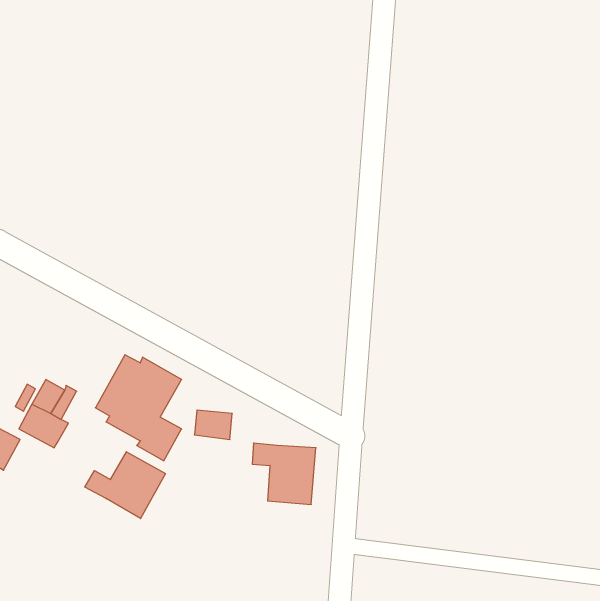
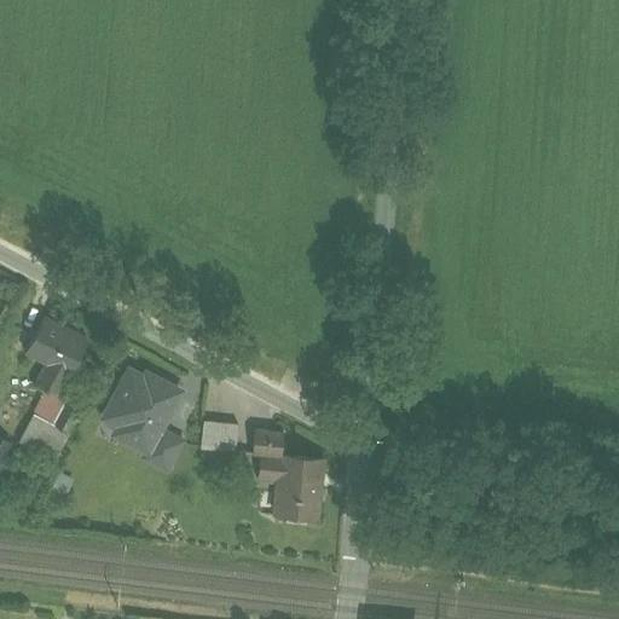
building: none -> [27,318,89,394]
building: none -> [250,429,285,458]
building: [85,452,165,519] -> none

